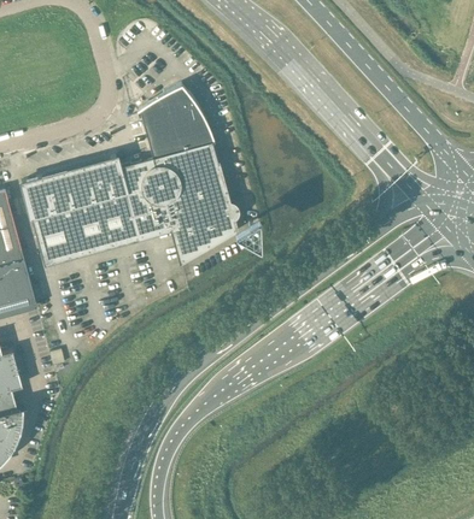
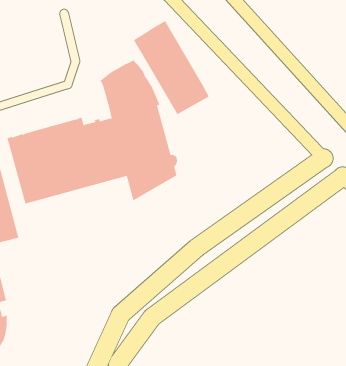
building: none -> [133,20,209,115]

